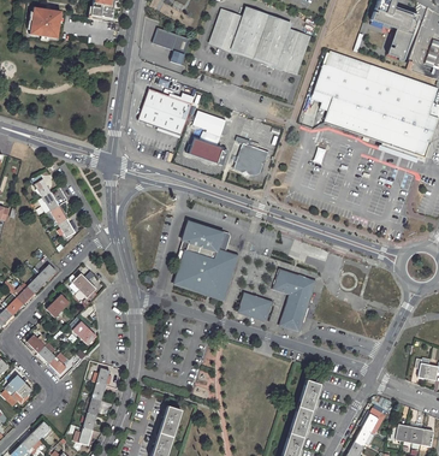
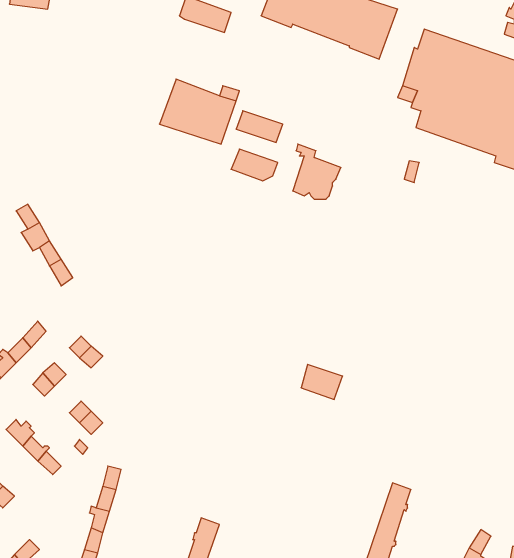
building: [178,221,237,291] -> none
building: [275,270,314,330] -> none

